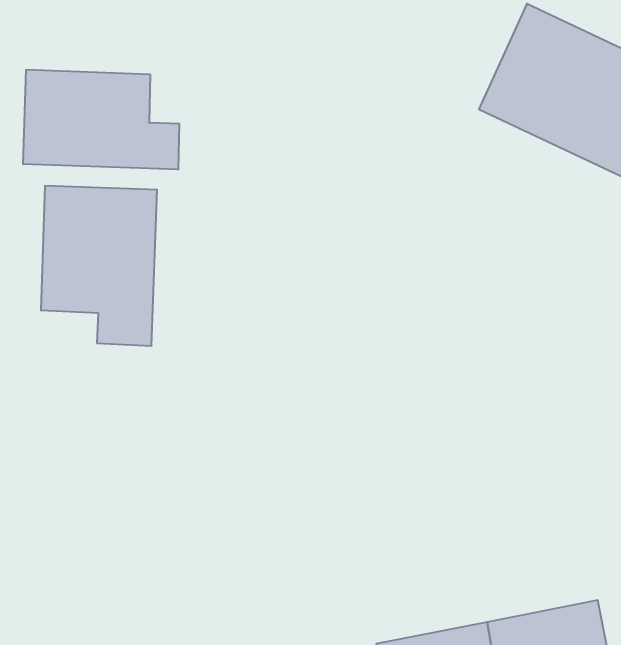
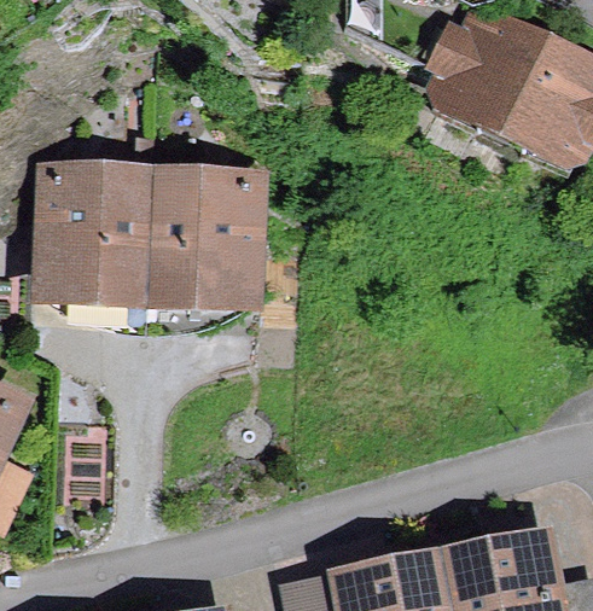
building: [23,70,179,170] -> none
building: none -> [146,171,250,312]

